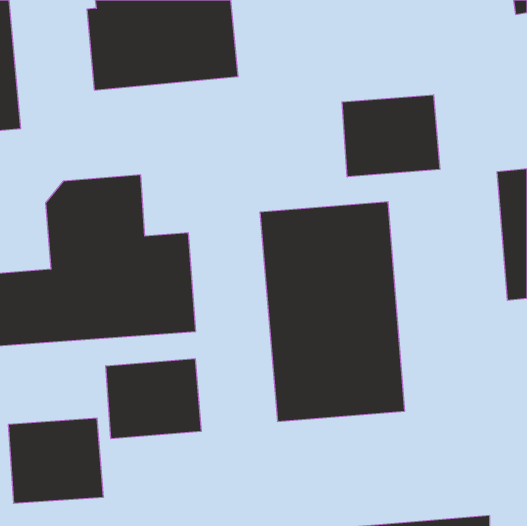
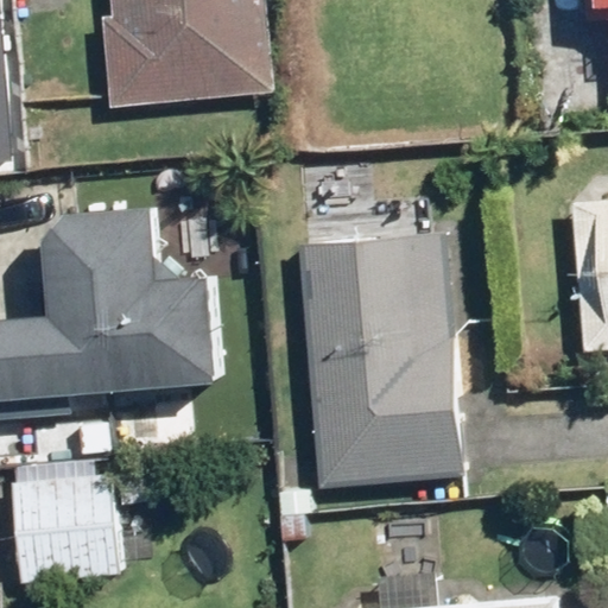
building: [342,95,440,177] -> none
building: [106,359,201,439] -> none

